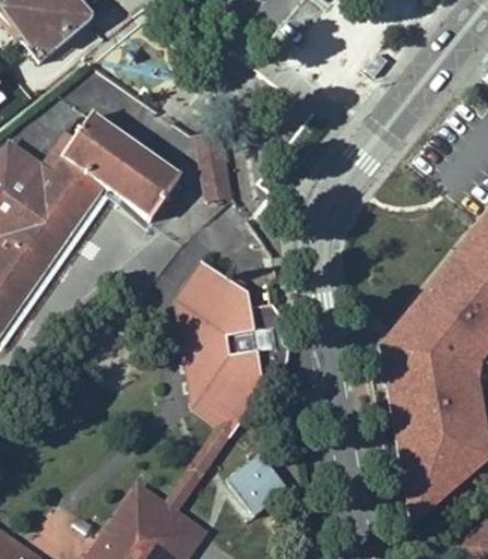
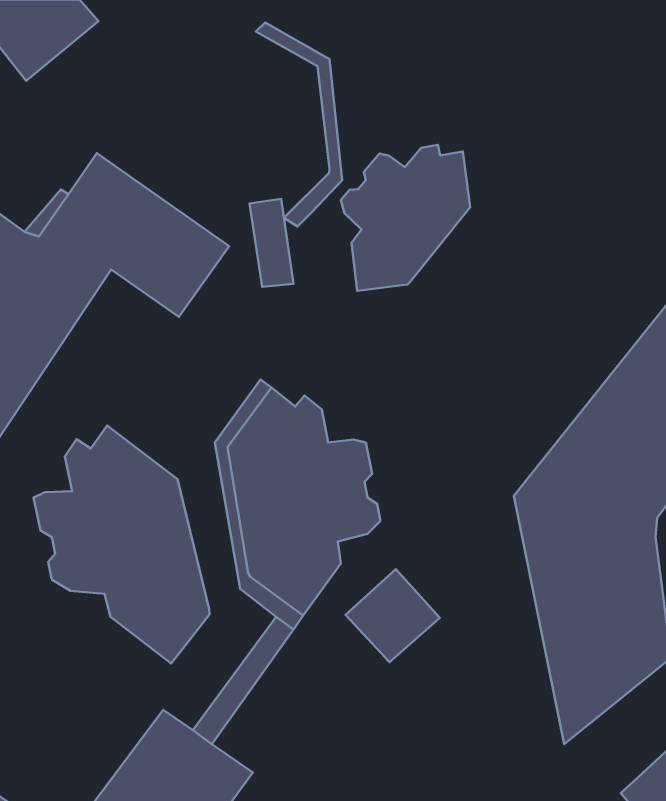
building: none -> [256,22,342,226]
building: none -> [341,145,470,291]
building: none -> [34,425,210,663]
building: [223,453,288,518] -> [345,569,440,662]

